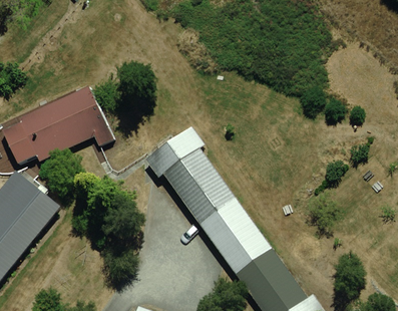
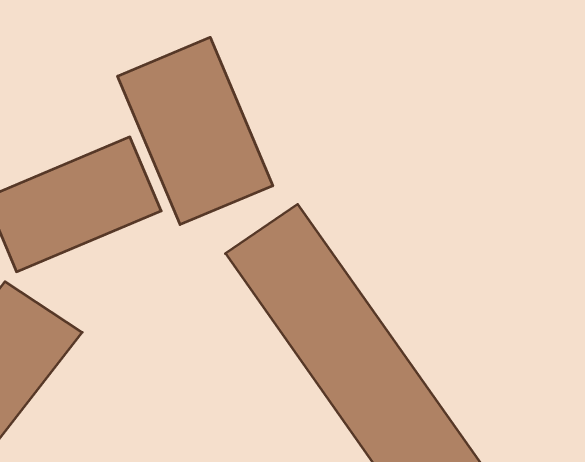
building: none -> [118,37,273,225]

